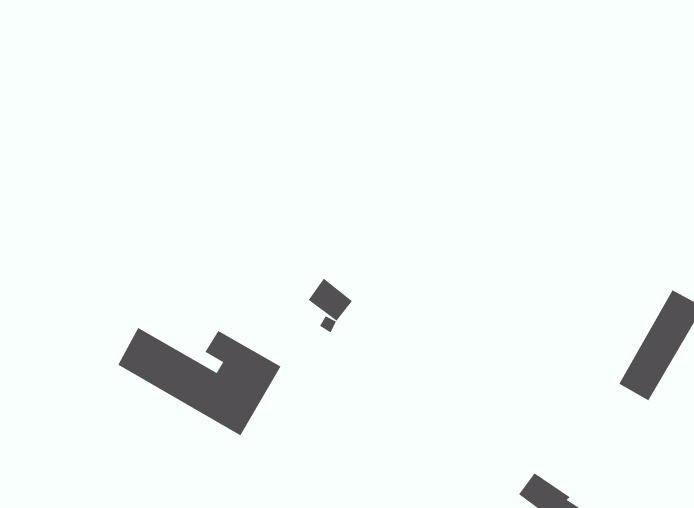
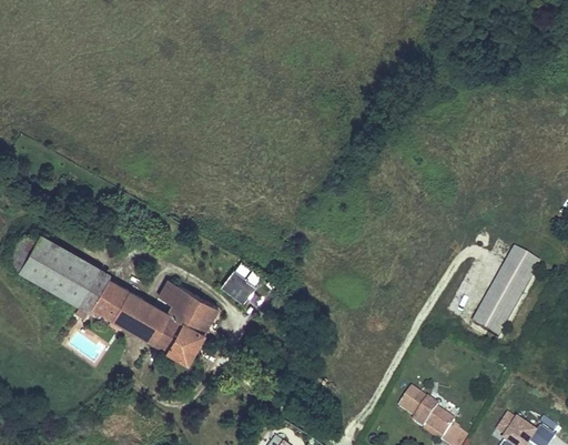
building: none -> [11,233,109,311]
building: [308,278,353,321] -> [220,269,254,302]

